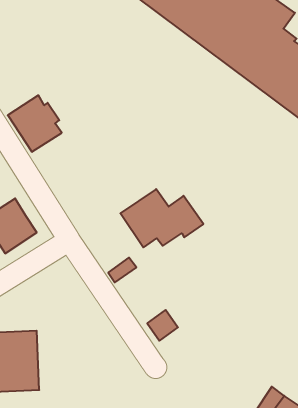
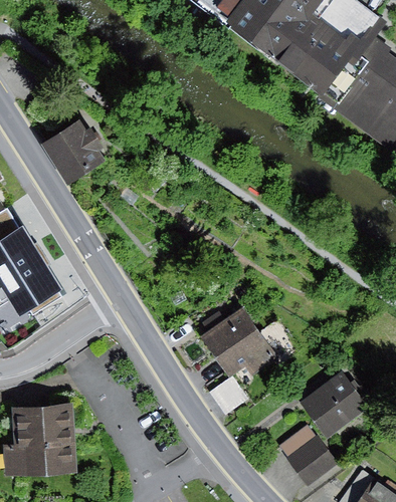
building: [120,189,203,247] -> [200,308,301,379]
building: none -> [300,373,367,440]
building: none -> [276,425,336,485]

